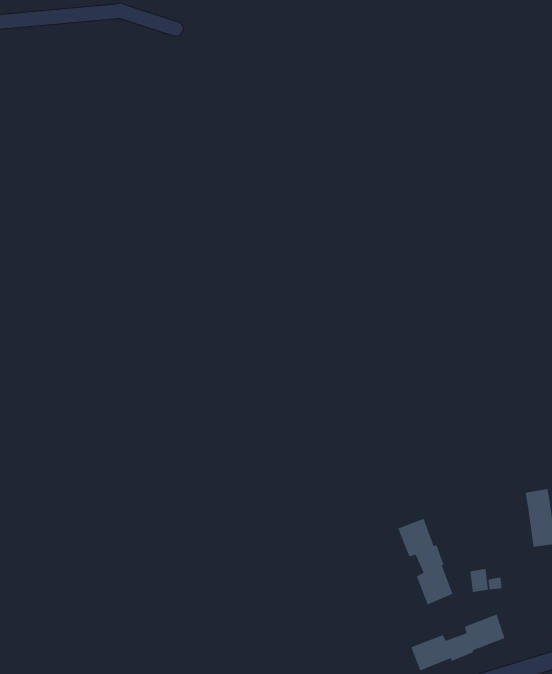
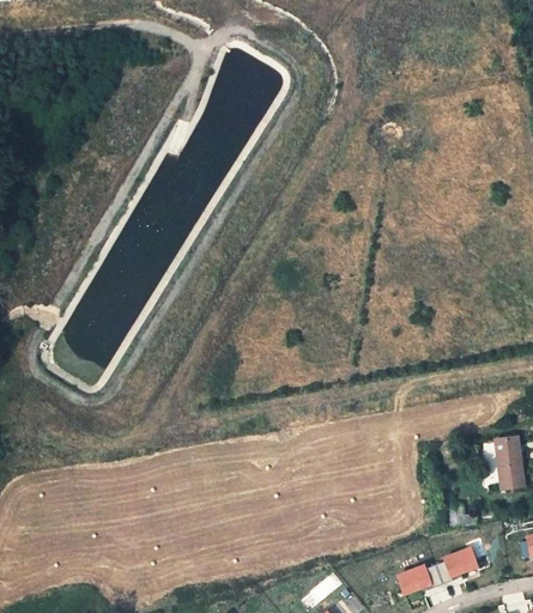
building: [397,518,453,605] -> none

